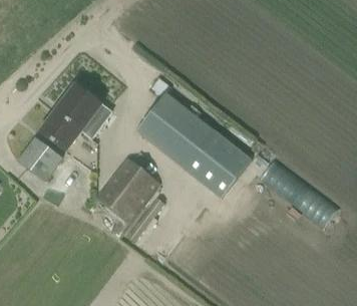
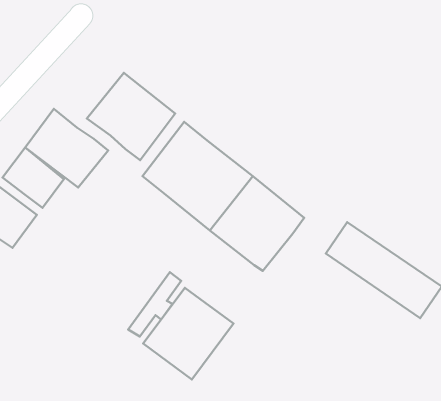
building: none -> [87,73,175,160]
building: [96,159,159,223] -> [143,288,233,379]

